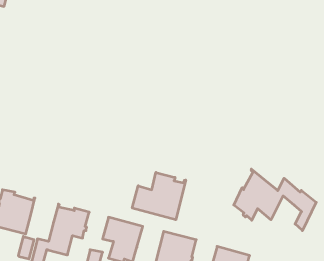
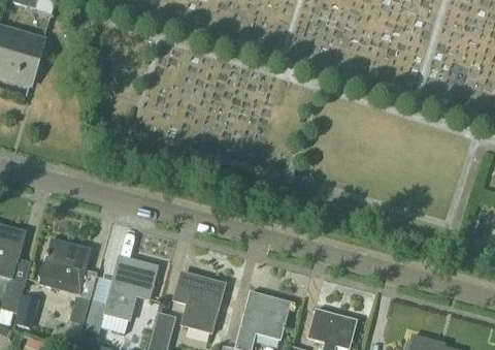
building: [234,169,316,231] -> none
building: [132,172,186,220] -> none

